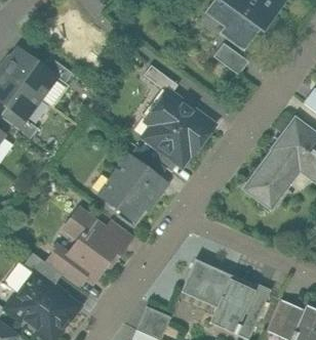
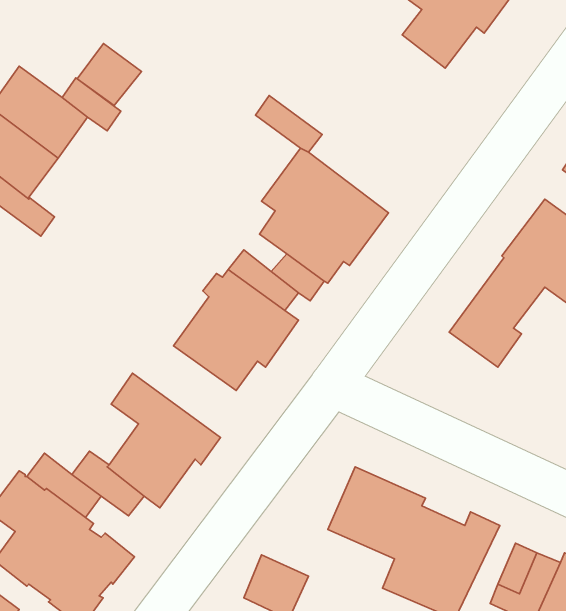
building: none -> [77,43,141,105]
building: [213,44,248,76] -> none

